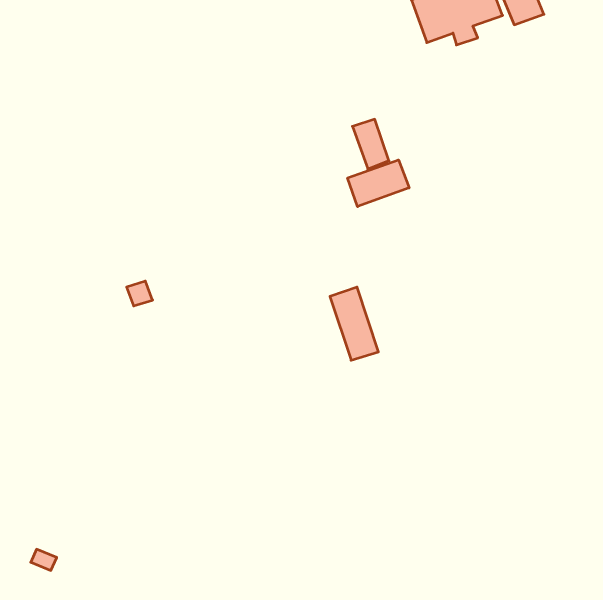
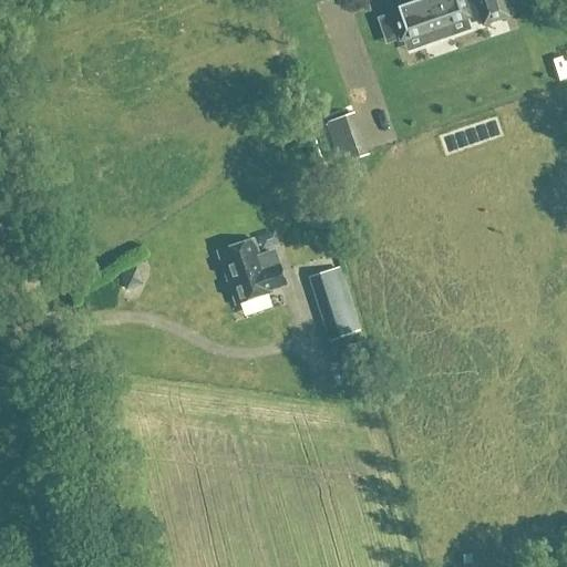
building: [348,160,409,207] -> none
building: none -> [217,239,287,306]

